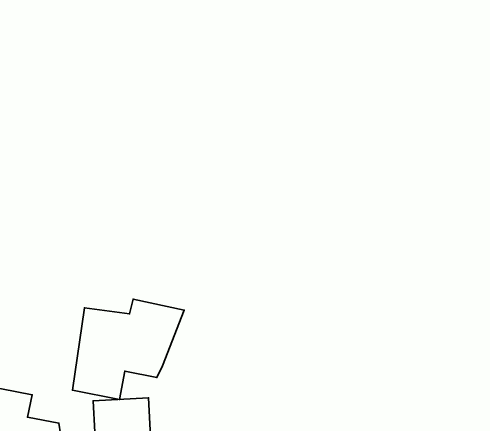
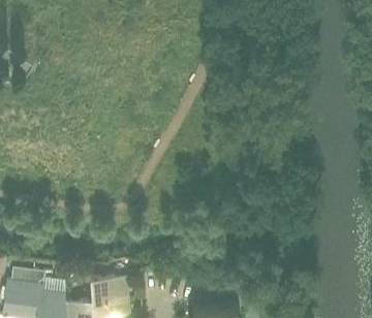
building: [73,299,184,399] -> none

